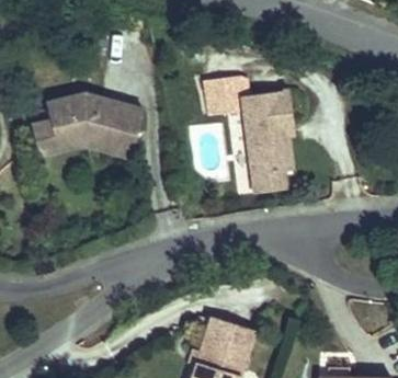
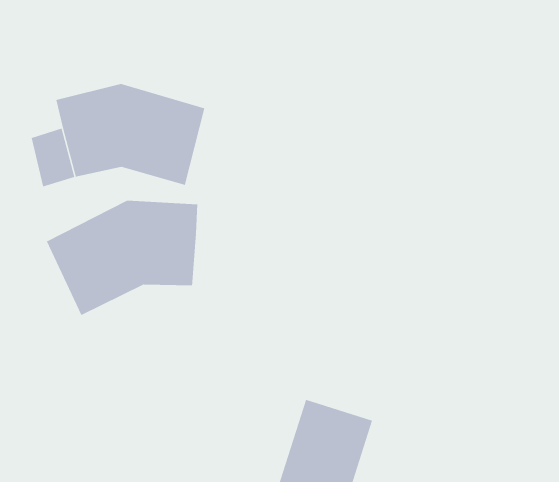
building: [214,85,304,186] -> none
building: none -> [46,200,198,316]

